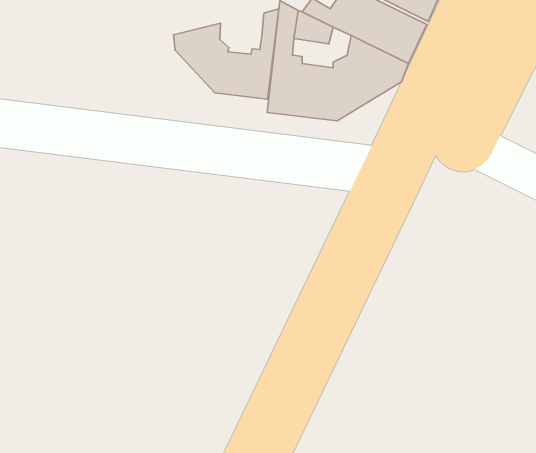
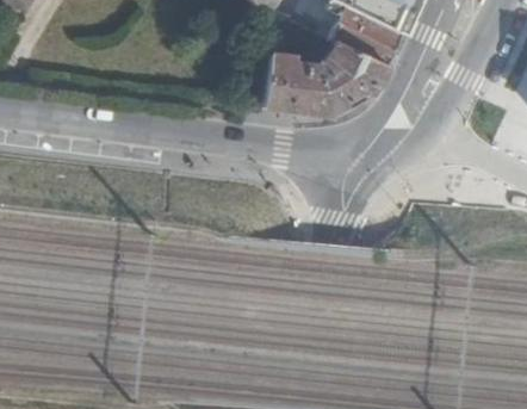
building: [173,9,279,99] -> none

